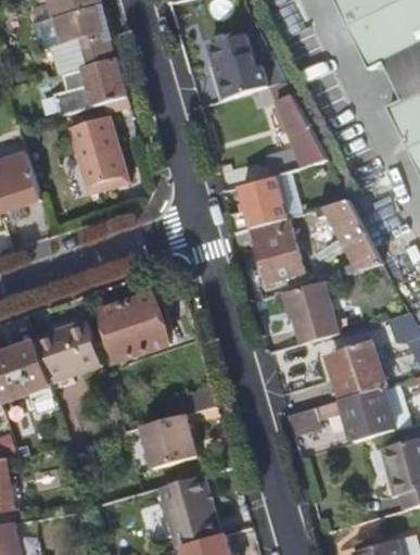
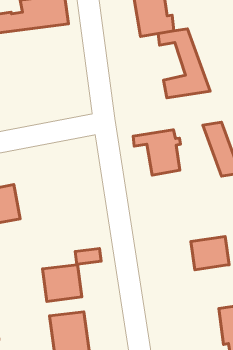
building: [69,115,127,186] -> none
building: [229,175,285,234] -> none
building: [285,280,338,344] -> none
building: [101,293,175,360] -> none
building: [287,387,393,441] -> none

